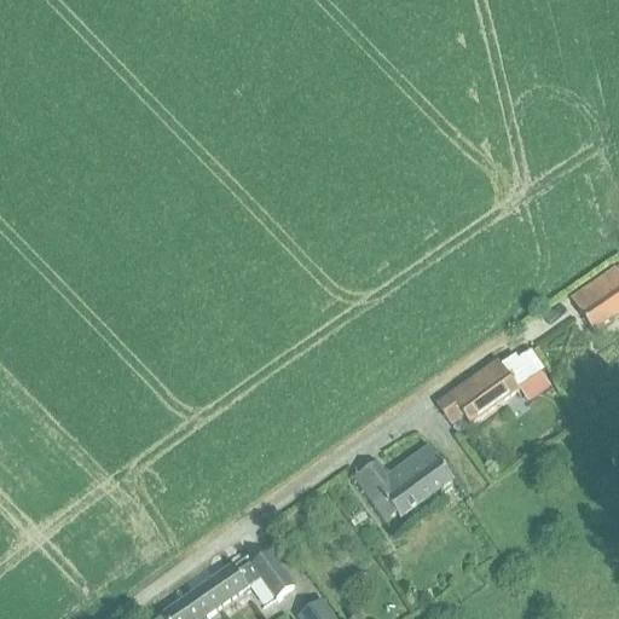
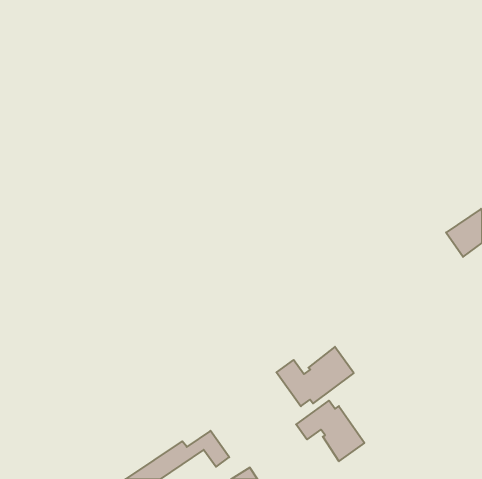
building: [436,348,549,423] -> none
building: none -> [296,401,364,461]

